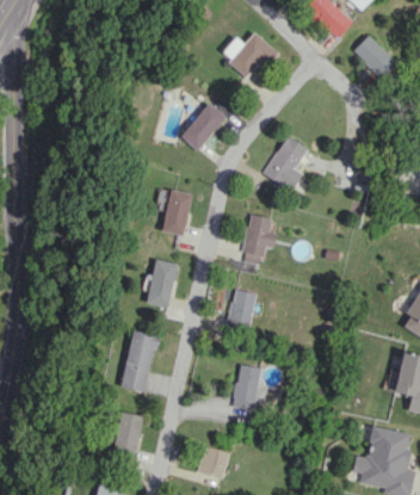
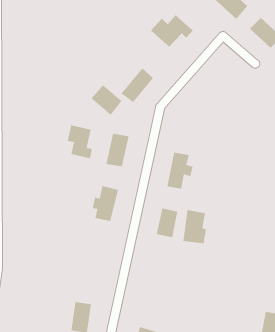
building: none -> [90,84,122,116]
building: [264,136,308,194] -> none
building: none -> [67,125,93,159]
building: [122,330,162,392] -> none
building: [234,364,266,410] -> [183,209,207,244]

